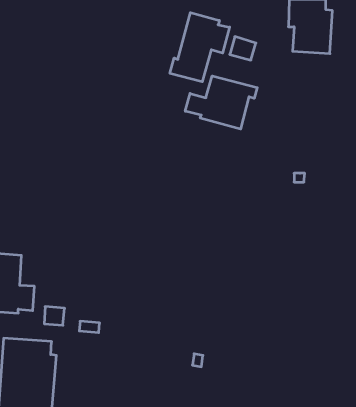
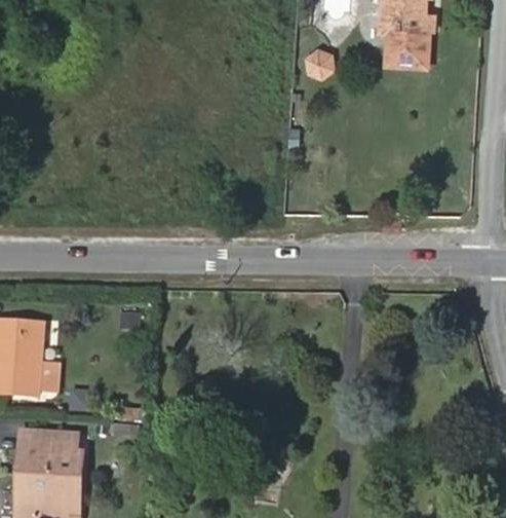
building: [170,13,230,82] -> none
building: [185,76,257,129] -> none

